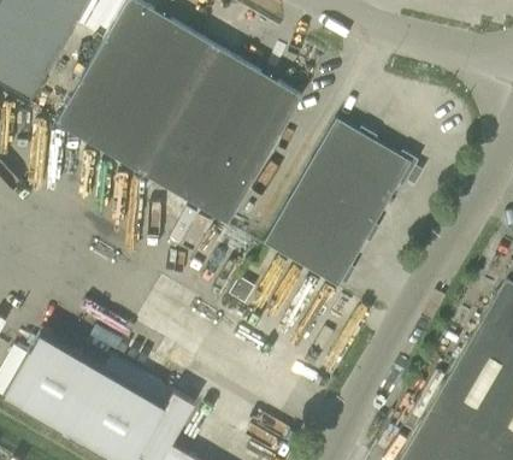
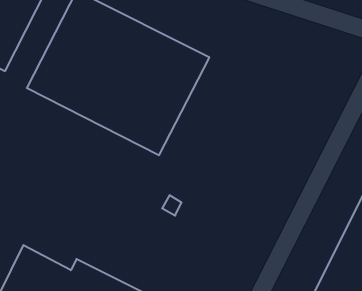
building: [265,119,412,288] -> none

